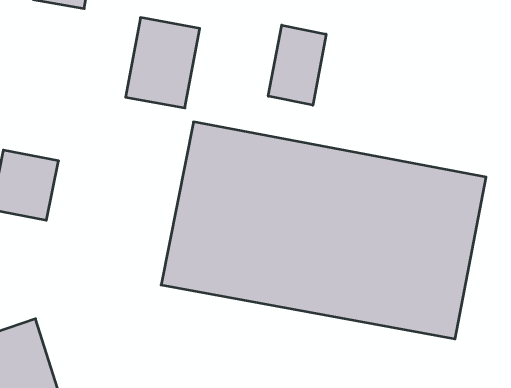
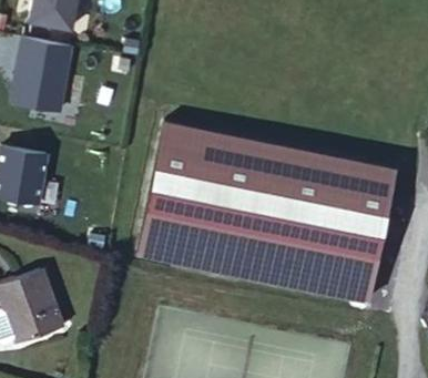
building: [126,18,200,108] -> [11,35,72,110]
building: [268,25,326,105] -> none

